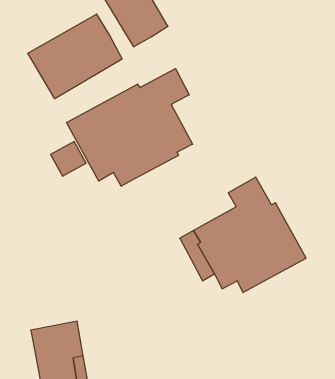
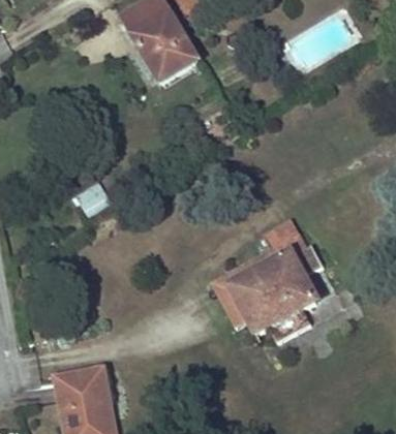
building: [28,14,122,99] -> none
building: [67,69,193,186] -> none

